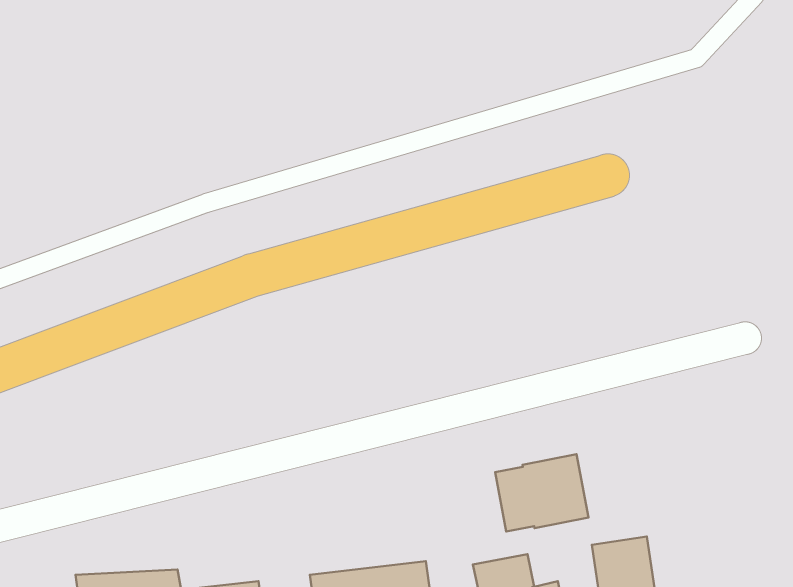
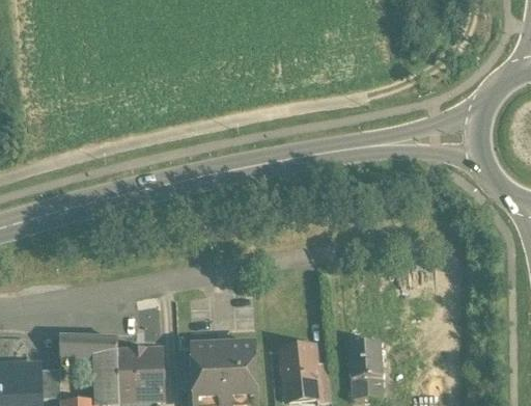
building: [495,454,589,532] -> none

